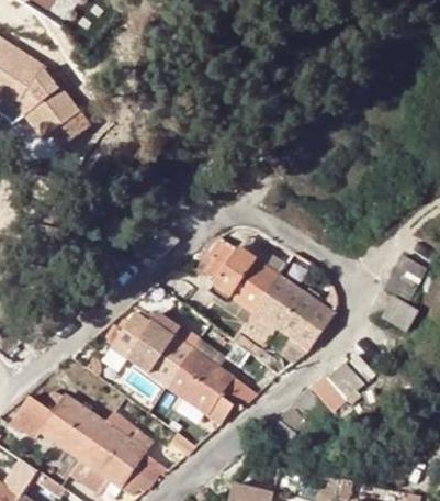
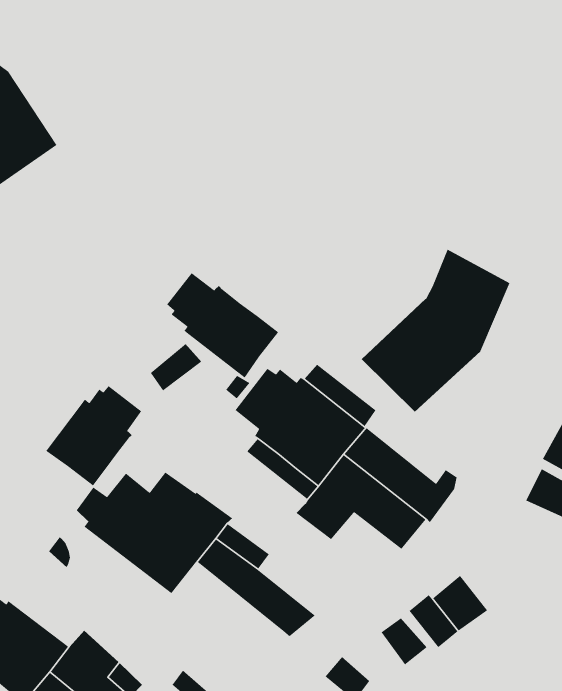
building: none -> [361,248,510,413]
building: none -> [166,272,279,379]
building: none -> [44,385,142,486]
building: [167,365,237,424] -> none

